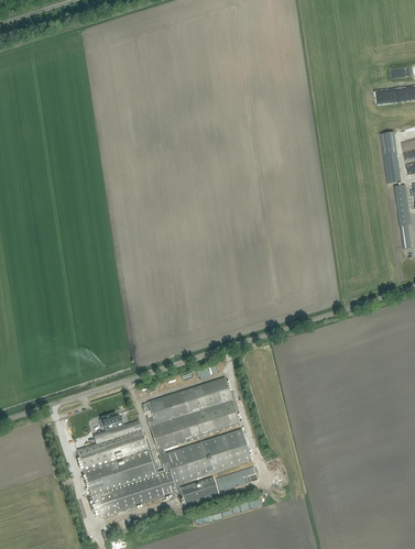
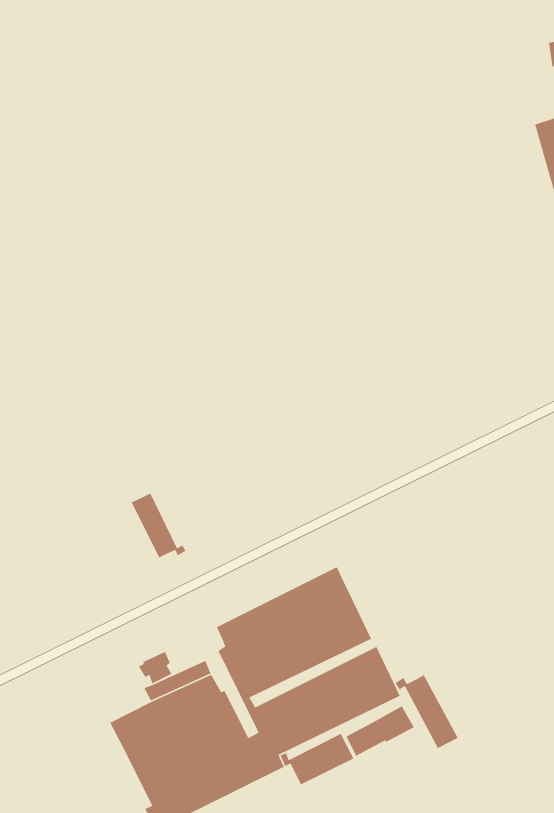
building: none -> [131,493,187,559]
building: none -> [394,674,459,749]

